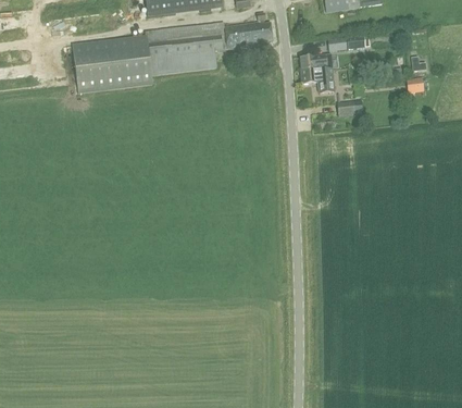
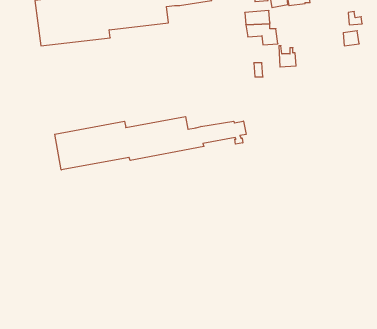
building: none -> [55,117,246,170]

